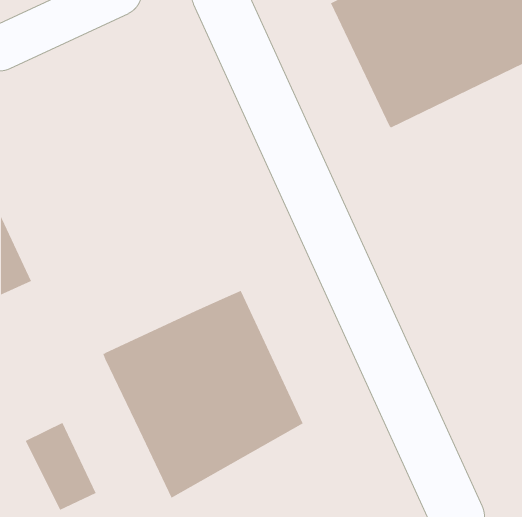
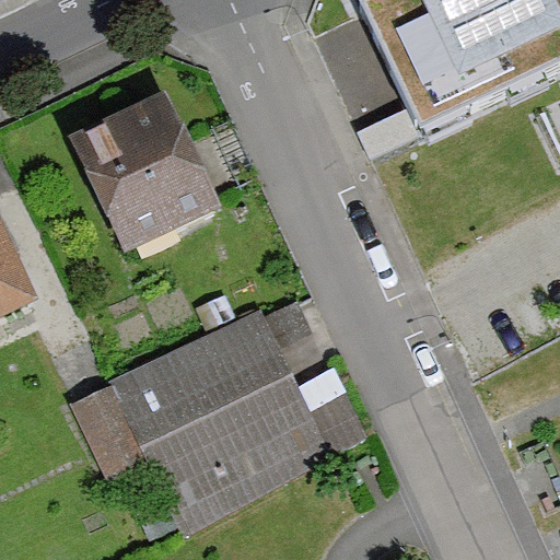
building: none -> [71,93,221,248]
building: [25,422,97,511] -> [73,383,150,477]

